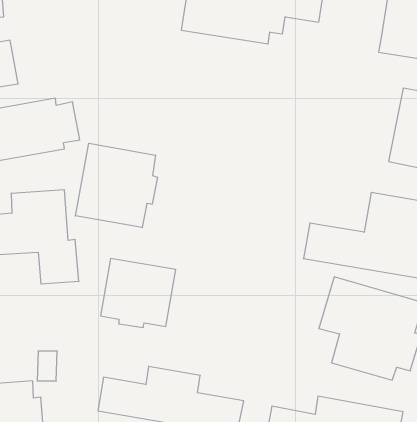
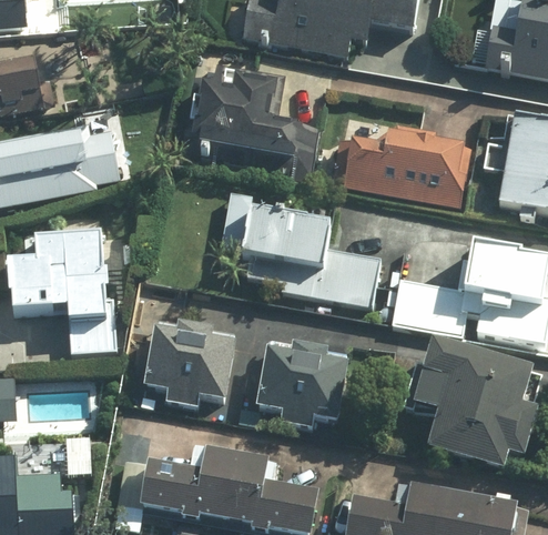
building: none -> [182,61,317,175]
building: none -> [333,122,465,203]
building: [75,143,158,228] -> none
building: none -> [220,192,382,306]
building: none -> [256,342,347,426]

